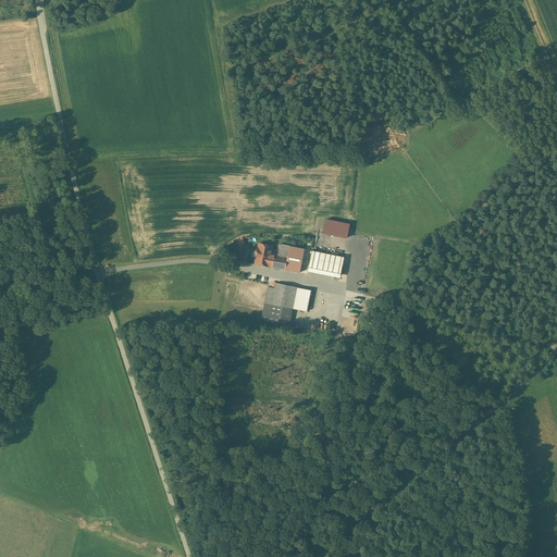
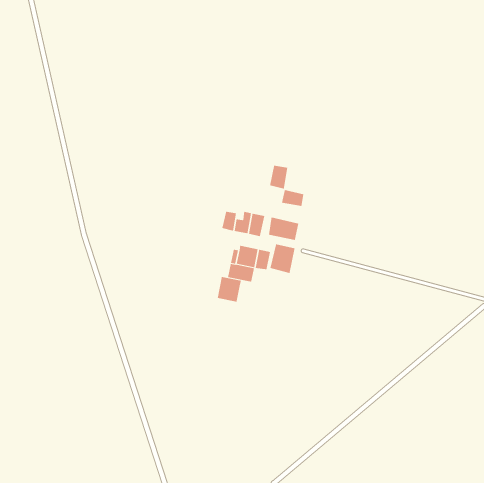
building: none -> [270,165,288,189]
building: none -> [270,244,295,274]
building: none -> [217,276,241,302]

